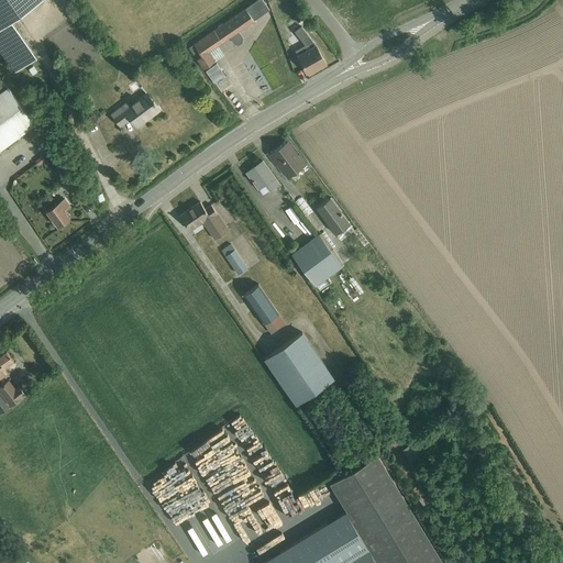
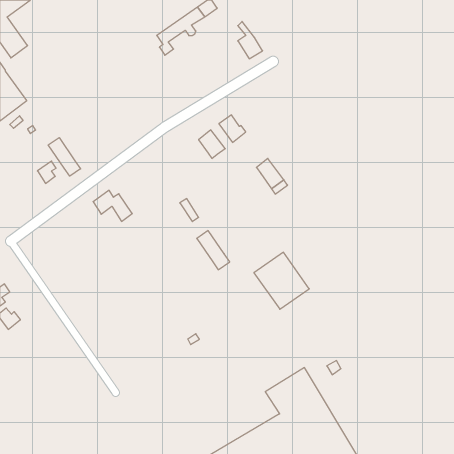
building: [110,95,158,128] -> none
building: none -> [48,138,81,176]
building: [178,202,227,241] -> [93,190,132,221]
building: [291,235,340,286] -> none
building: [264,334,332,405] -> [254,252,309,309]

